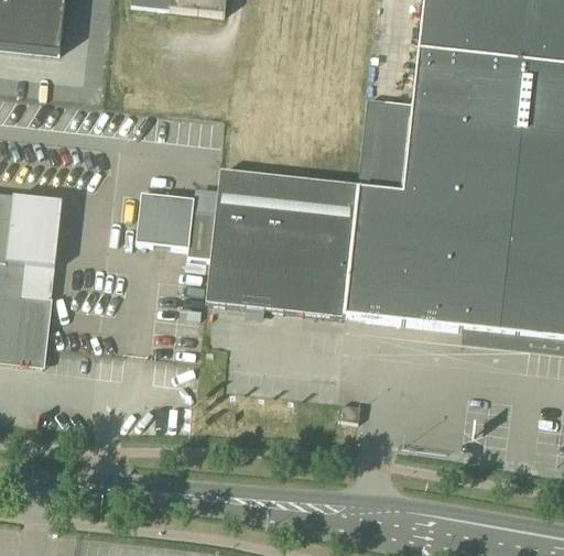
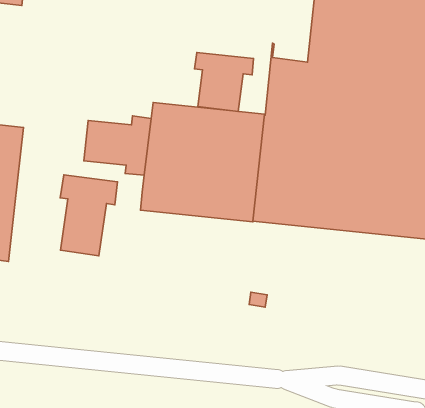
building: none -> [194,52,254,111]
building: none -> [60,175,118,256]

